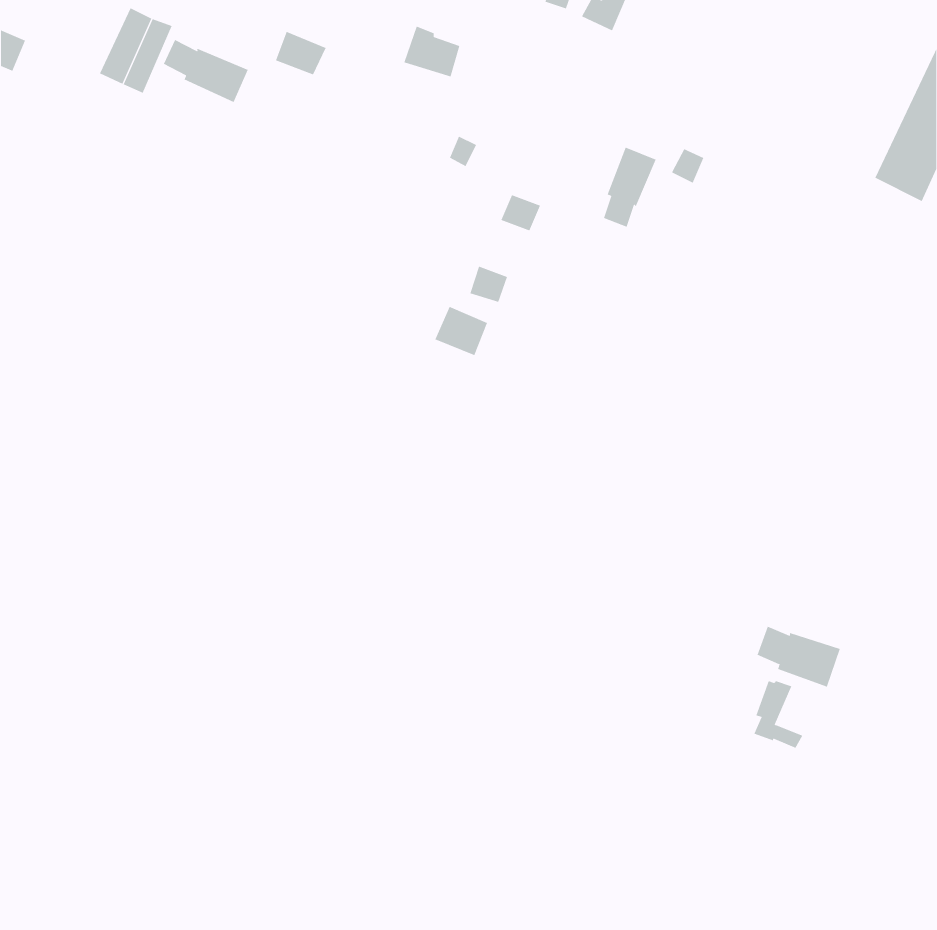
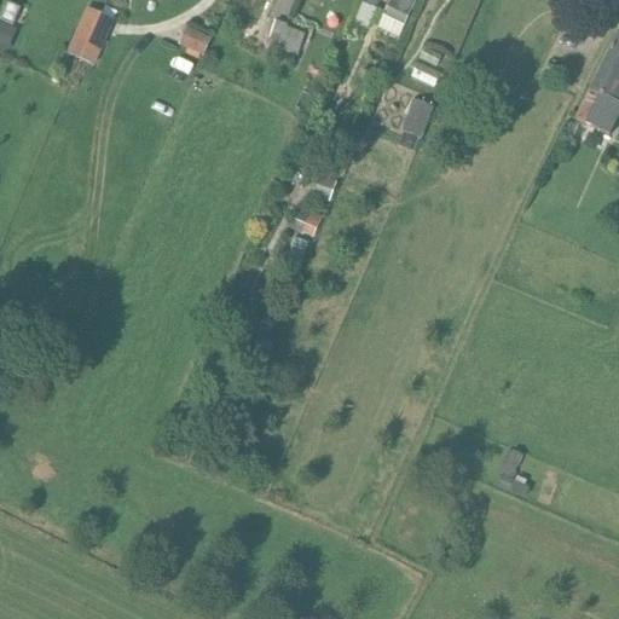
building: [163,39,248,103] -> none
building: [757,626,840,688] -> none

